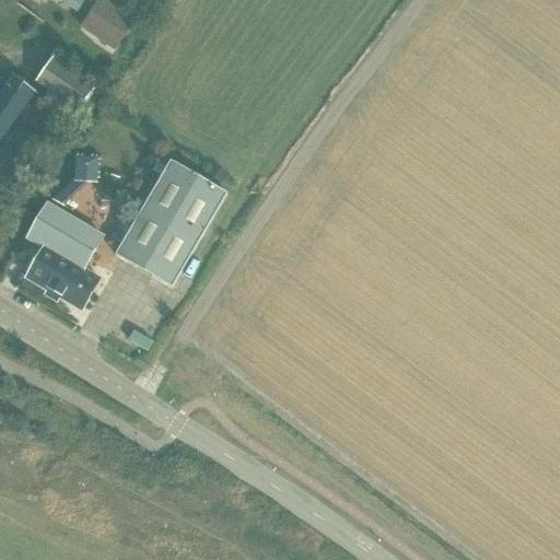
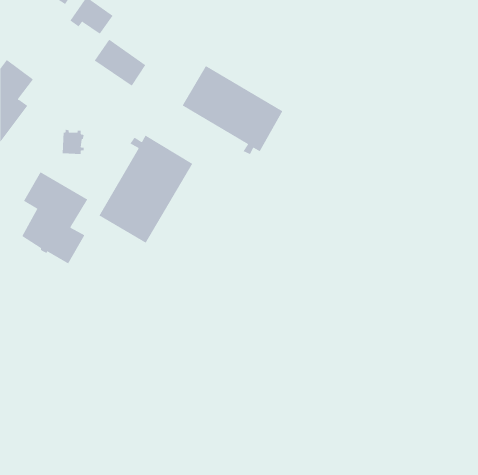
building: [33,54,94,109] -> [94,39,146,87]
building: none -> [182,65,283,155]

